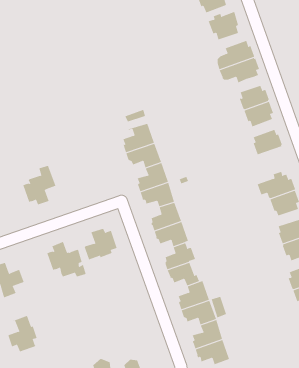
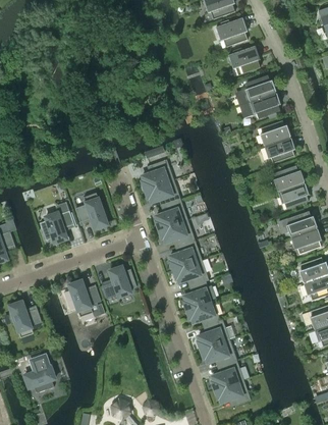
building: none -> [277,182,308,208]
building: none -> [74,192,107,228]

